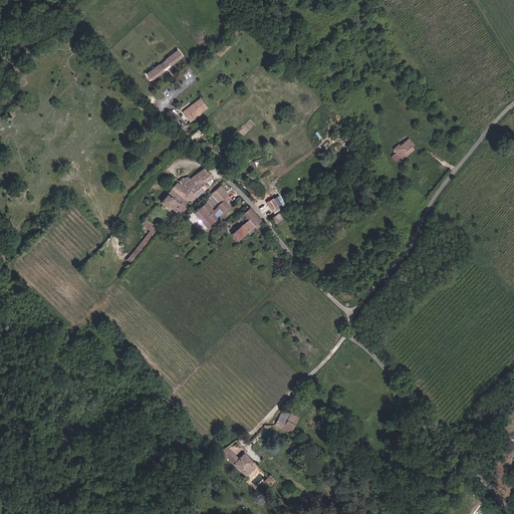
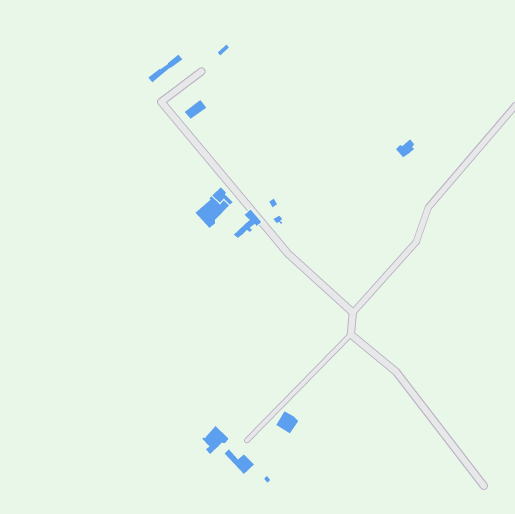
building: [163,168,212,212] -> none
building: none -> [201,425,230,455]

